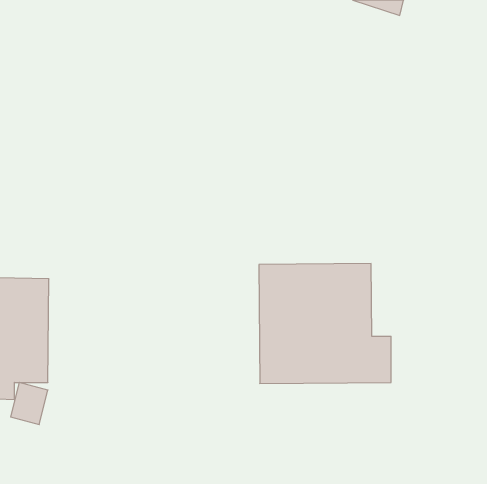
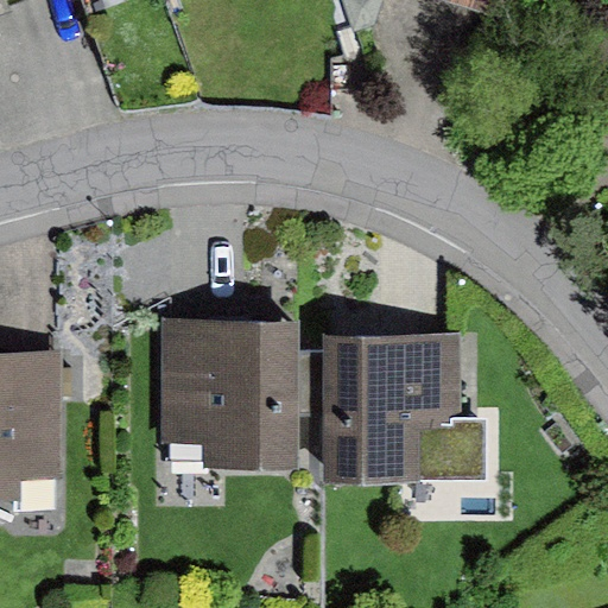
building: none -> [162,318,299,470]

